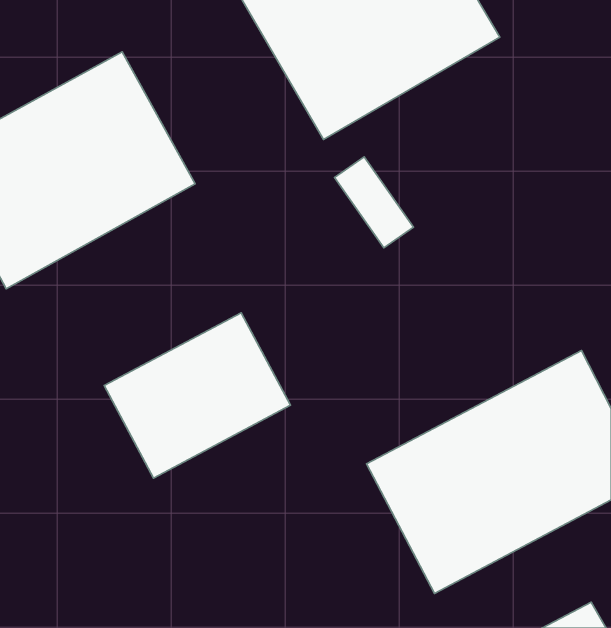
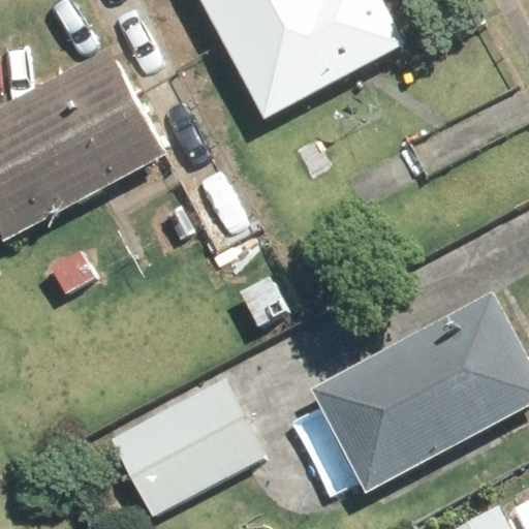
building: [104,313,290,478] -> [113,377,269,516]

